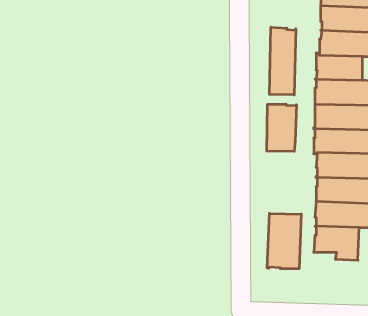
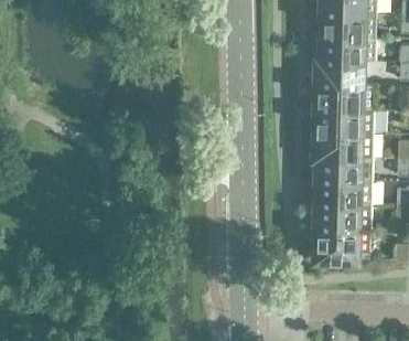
building: [269,27,296,95] -> none
building: [267,104,296,151] -> none
building: [267,213,301,269] -> none

